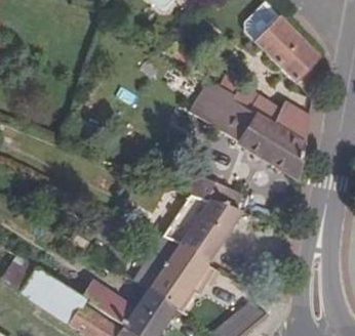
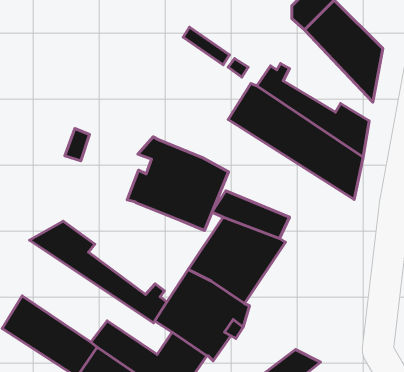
building: none -> [127,137,229,231]
building: none -> [30,221,167,323]

